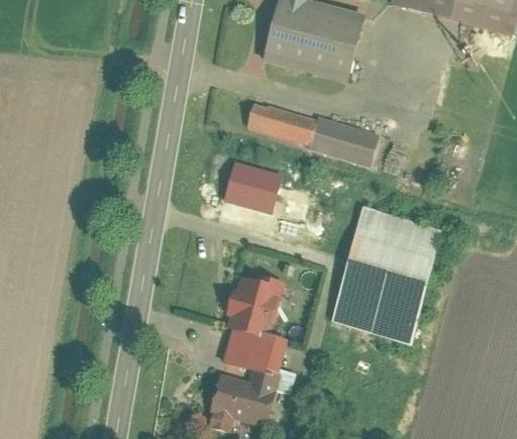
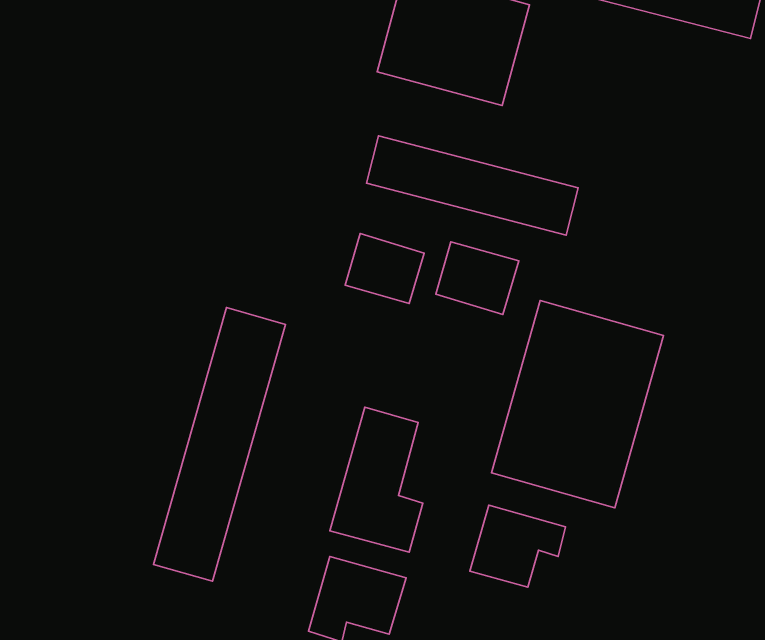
building: none -> [436,242,519,314]
building: none -> [153,307,286,581]
building: none -> [470,505,566,587]

